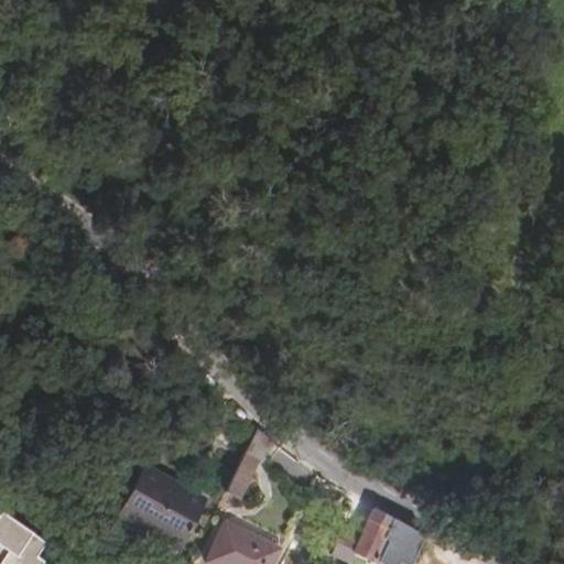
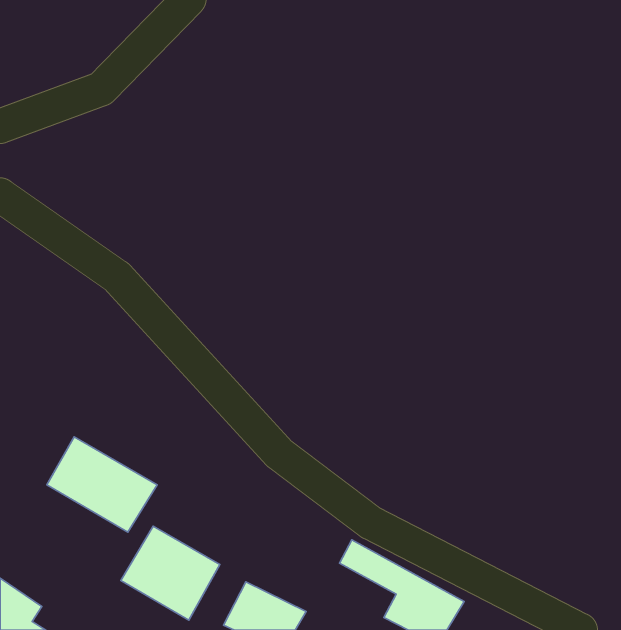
building: none -> [47,437,157,532]
building: [225,427,275,499] -> none

